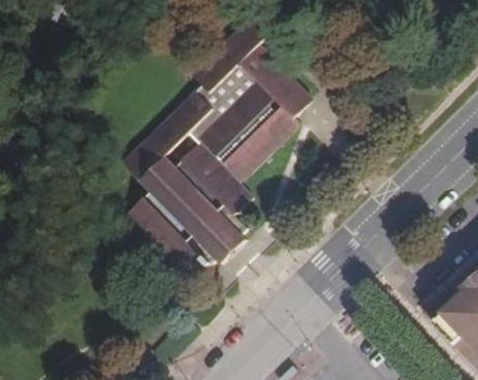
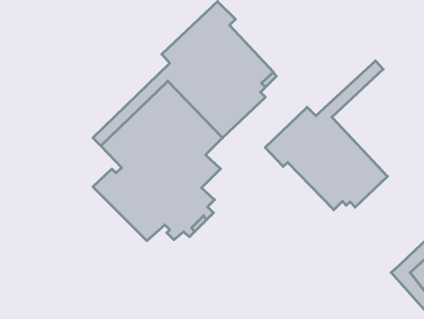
building: none -> [265,61,388,210]

